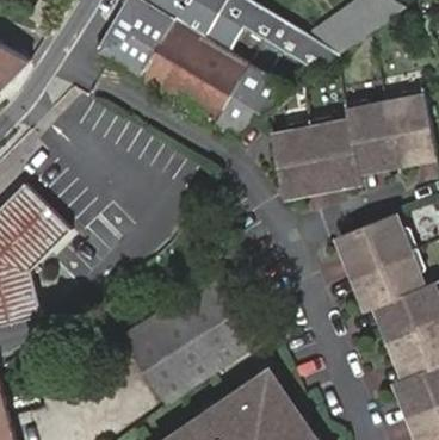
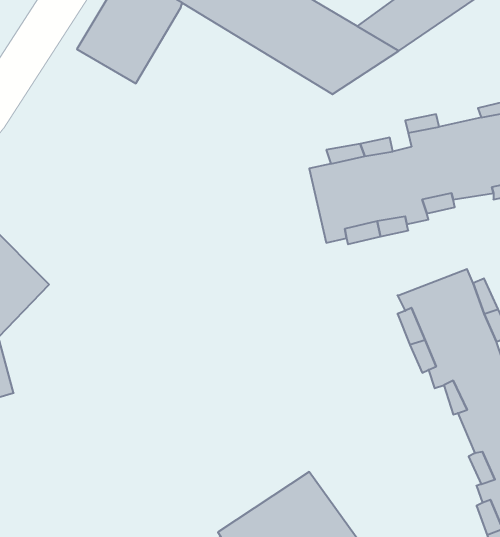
building: [137,18,276,134] -> none
building: [124,269,268,401] -> none

